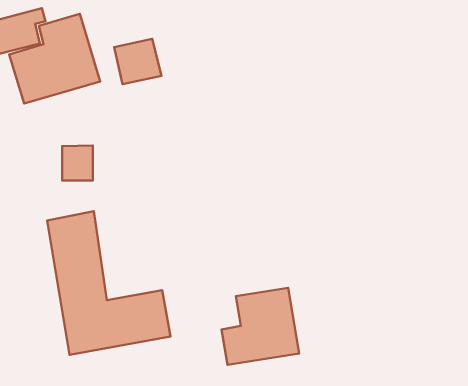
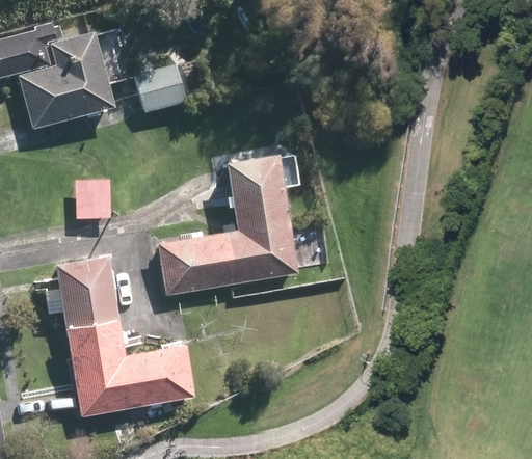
building: none -> [160,154,298,294]
building: [222,288,299,365] -> none

